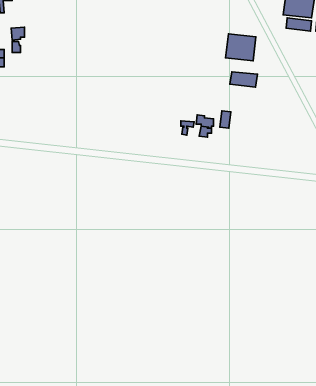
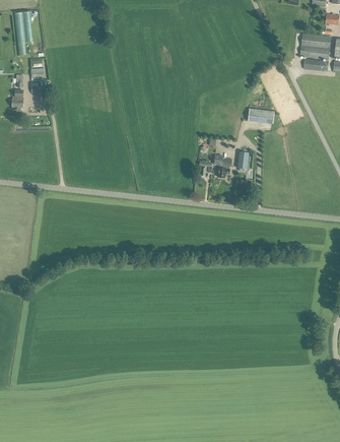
building: [226,34,256,61] -> none

